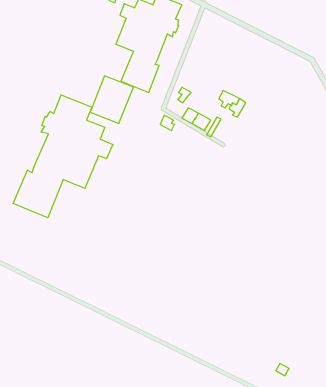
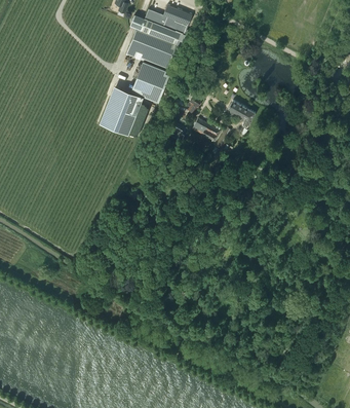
building: [13,95,113,218] -> none

